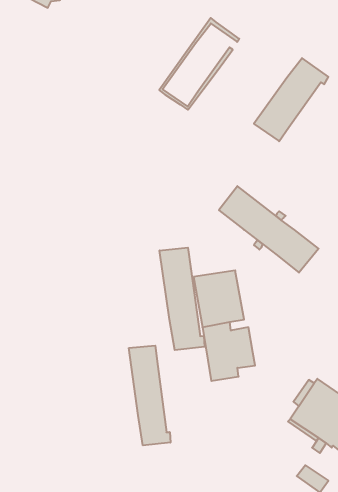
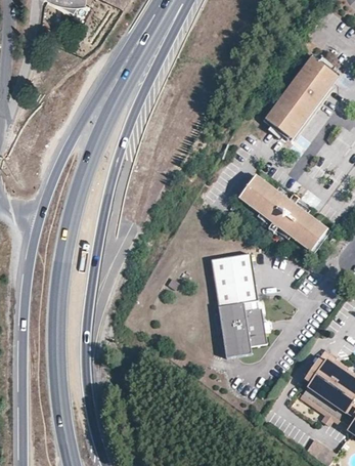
building: [159,18,239,110] -> [264,51,339,137]
building: [160,248,205,350] -> none
building: [129,346,170,445] -> none

